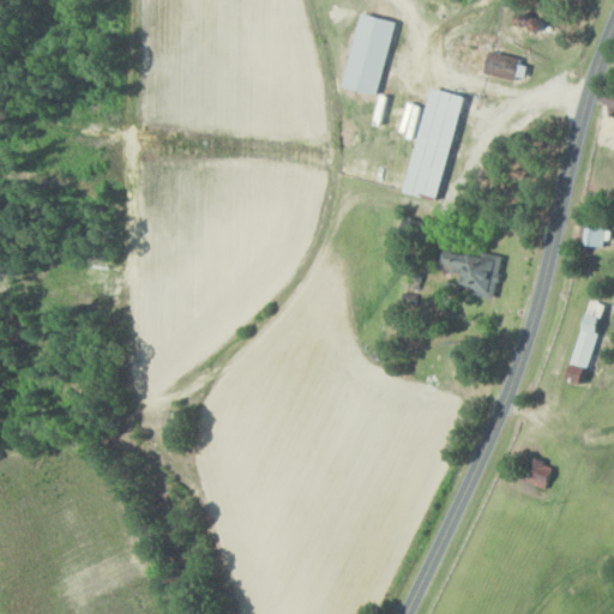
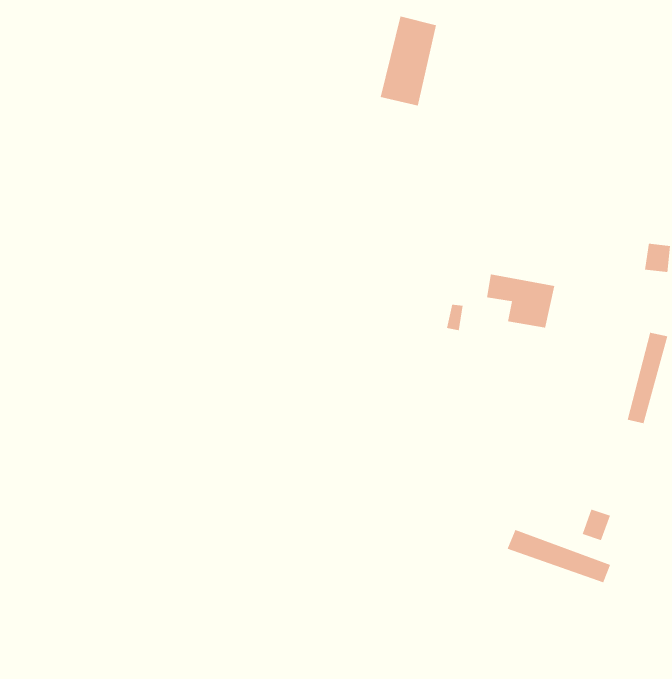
building: [483,52,519,82] -> none
building: [404,89,464,200] -> none
building: none -> [507,529,611,583]

